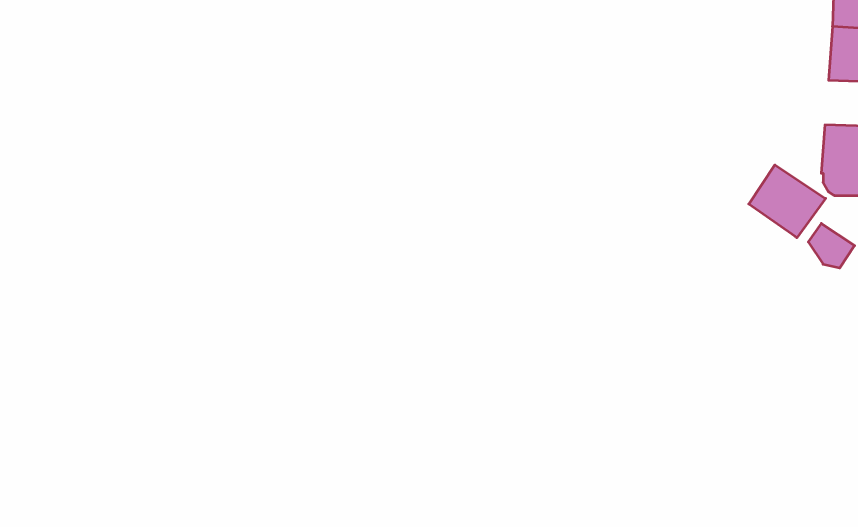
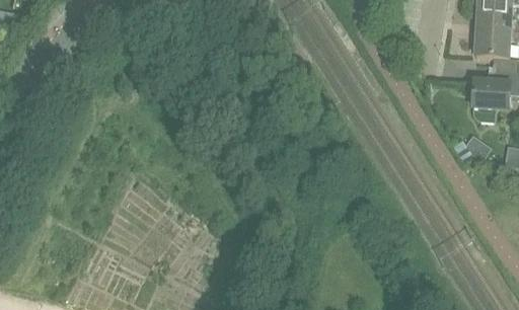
building: [749,165,826,238] -> none

